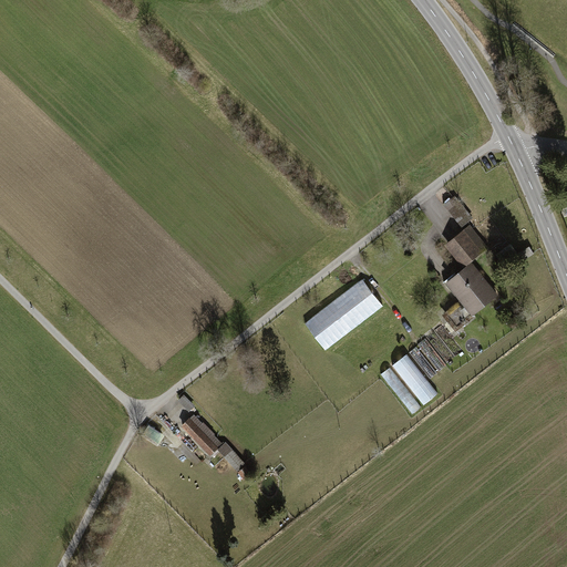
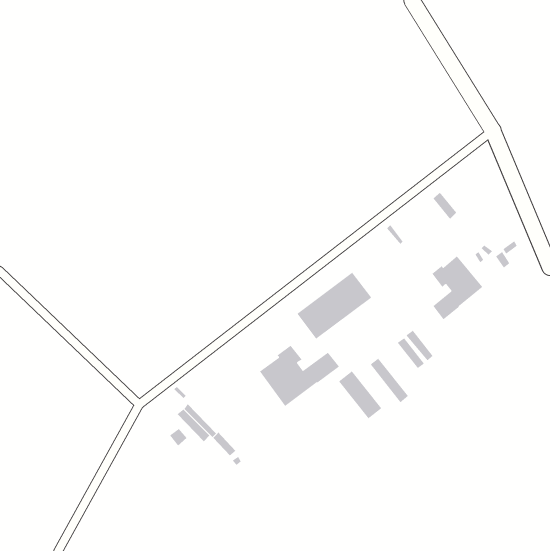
building: [447,227,485,265] -> none
building: none -> [259,345,340,407]
building: [391,354,436,404] -> [338,371,382,419]

